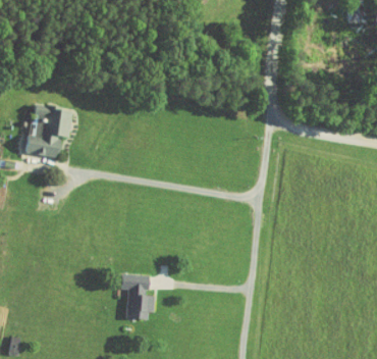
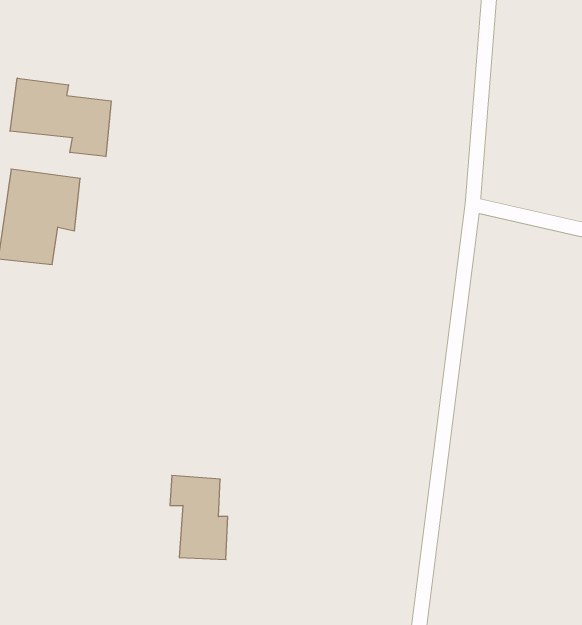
building: none -> [10,78,111,157]

